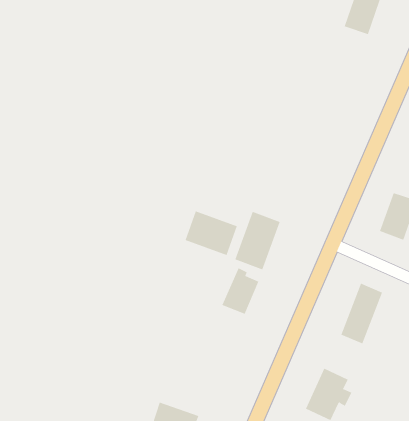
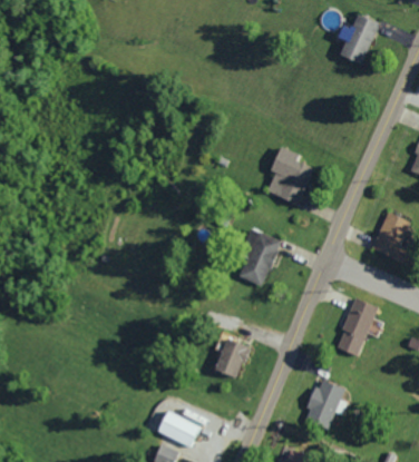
building: none -> [267,147,313,205]
building: [185,211,237,256] -> none
building: [222,267,259,315] -> [213,334,249,379]

